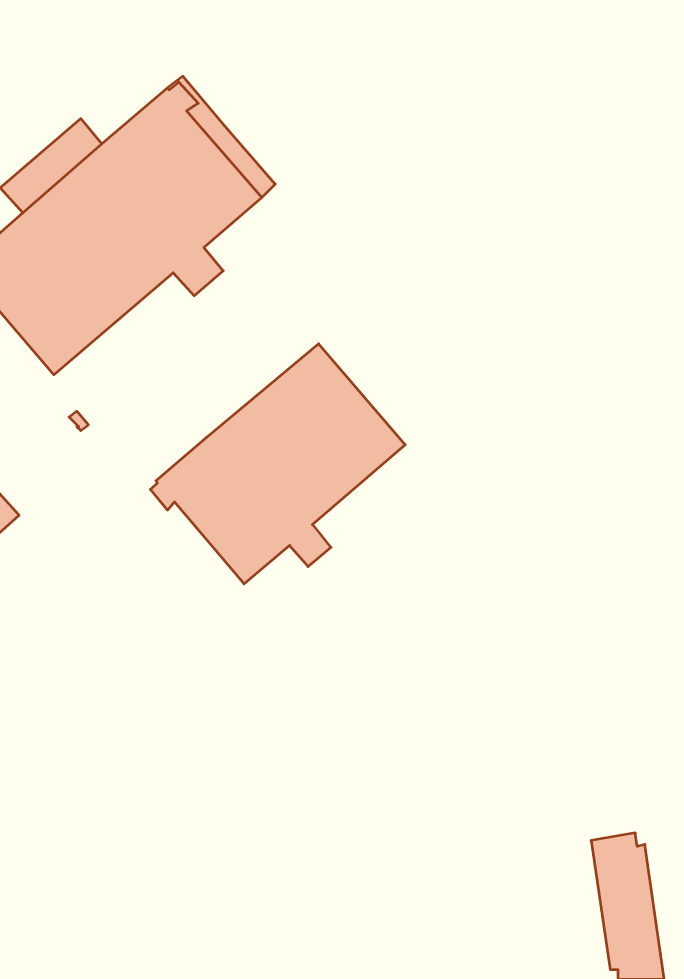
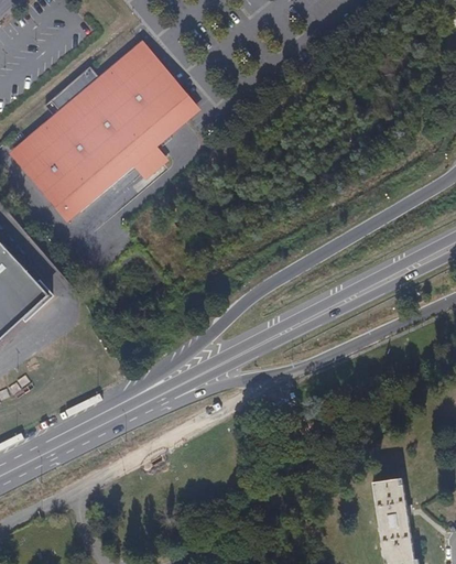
building: [150,344,405,584] -> none

